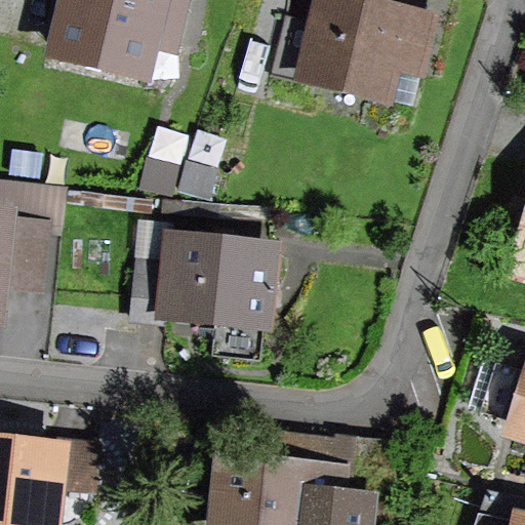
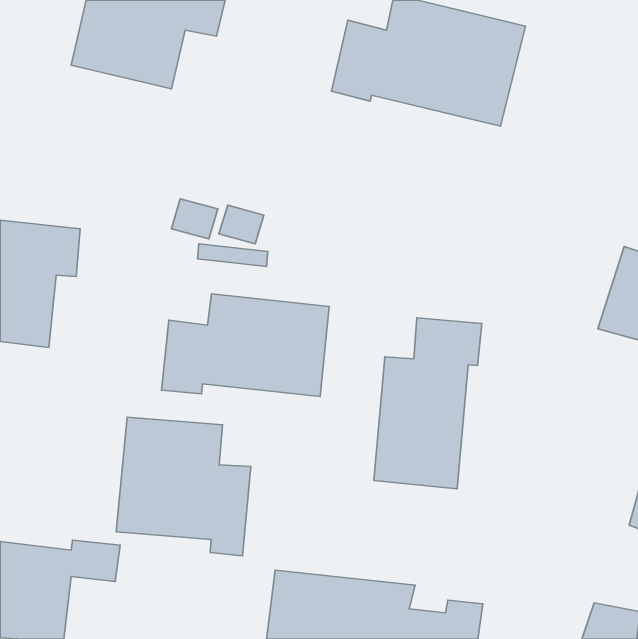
building: none -> [374,318,482,489]
building: none -> [116,417,251,556]

